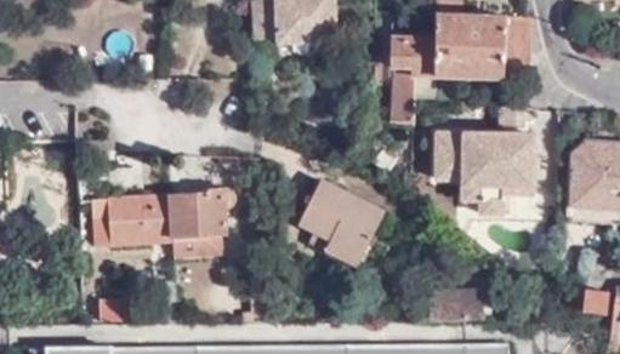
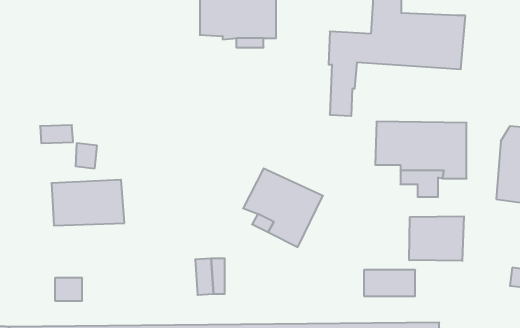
building: [171,189,235,257] -> none
building: none -> [409,216,464,261]

